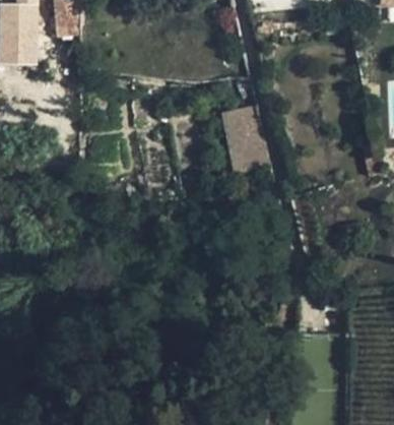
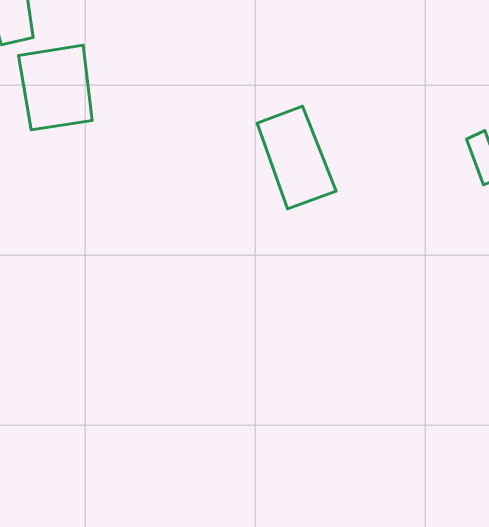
building: none -> [18,45,92,130]

